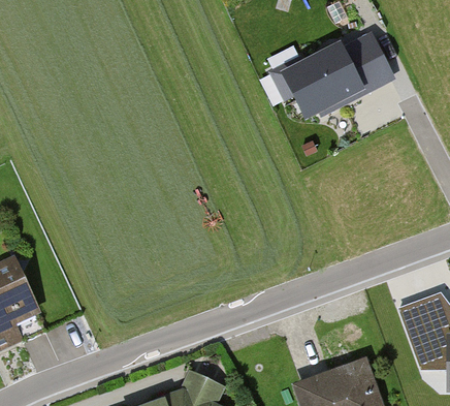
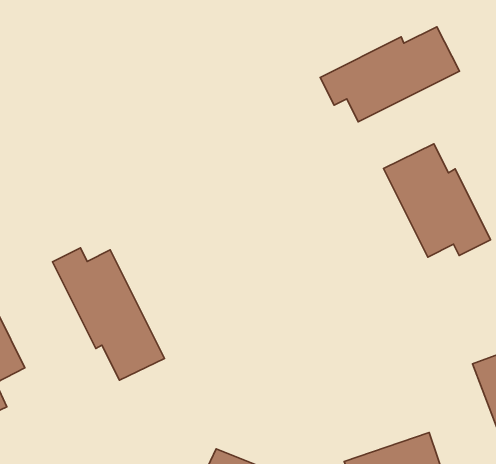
building: none -> [384,144,490,257]
building: none -> [52,248,164,380]

